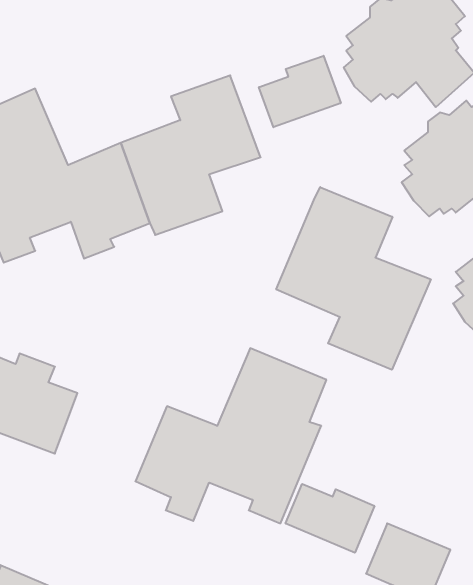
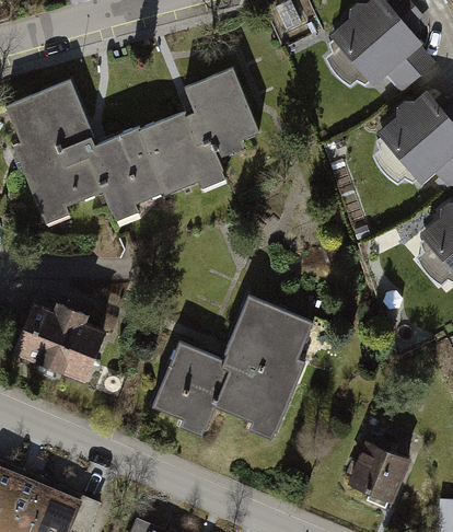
building: [259,56,341,127] -> none
building: [276,187,431,370] -> none
building: [286,484,374,553] -> none

